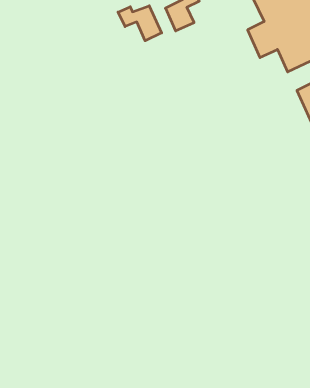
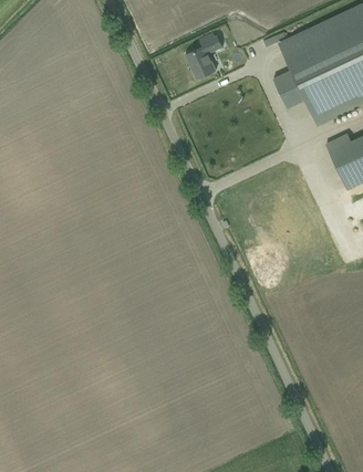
building: [118,6,162,41] -> none

